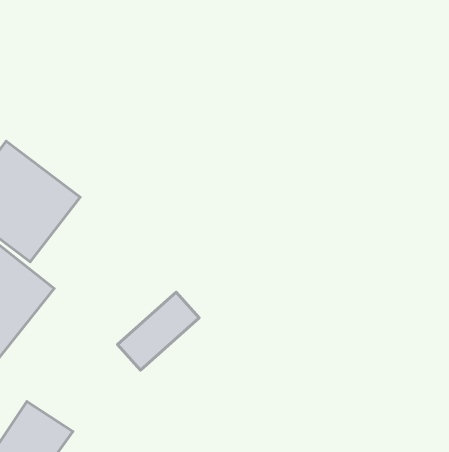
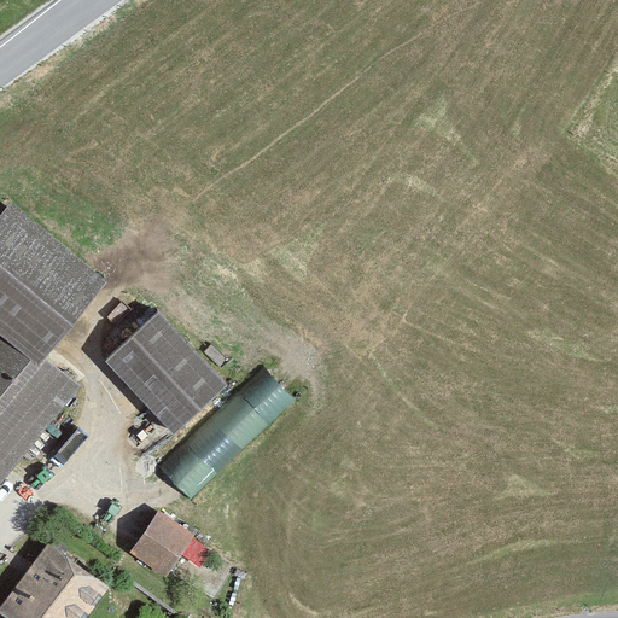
building: none -> [95,302,231,438]
building: none -> [122,512,196,583]

